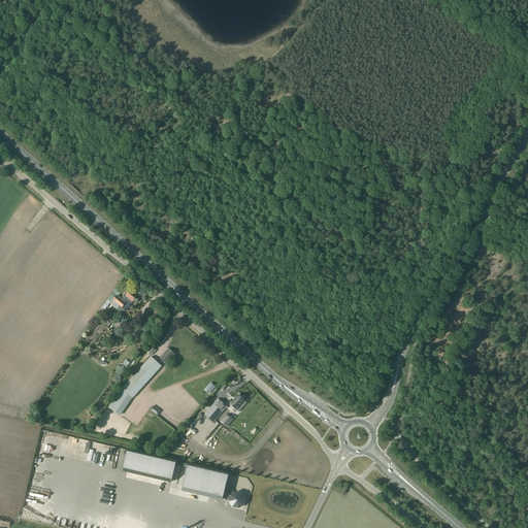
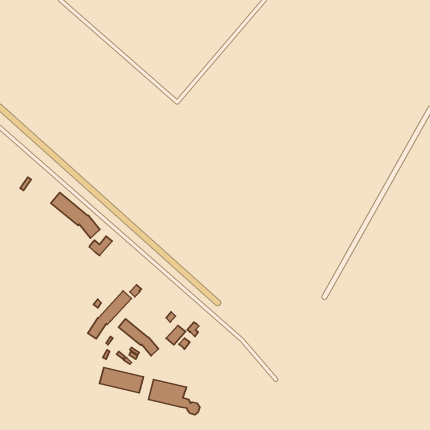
building: none -> [51,192,100,238]
building: none -> [118,319,158,356]

